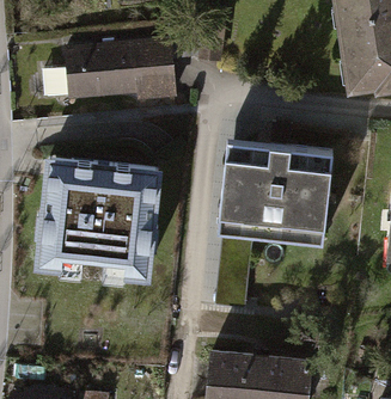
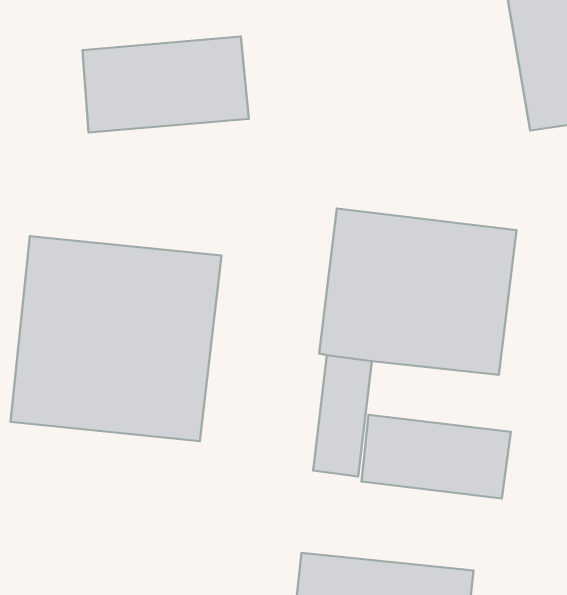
building: none -> [362,415,511,499]

